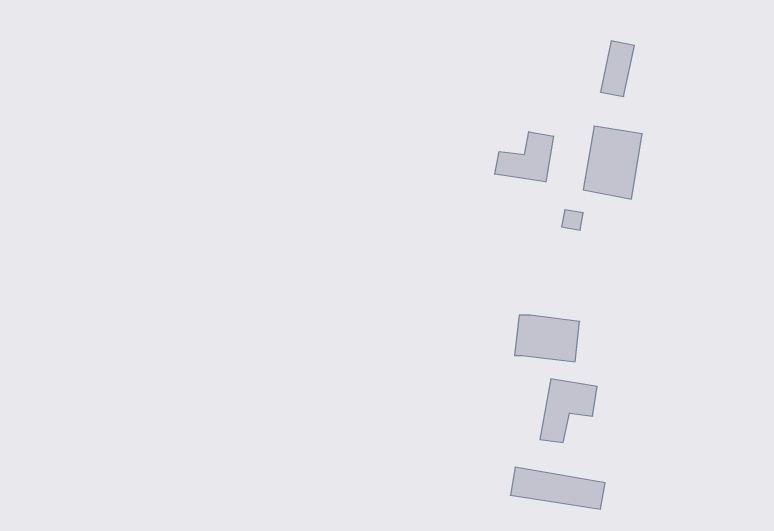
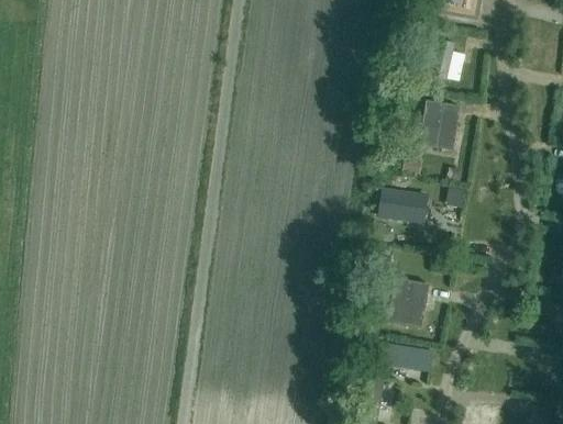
building: [495,132,553,182] -> none
building: [515,315,580,362] -> [380,190,427,223]

